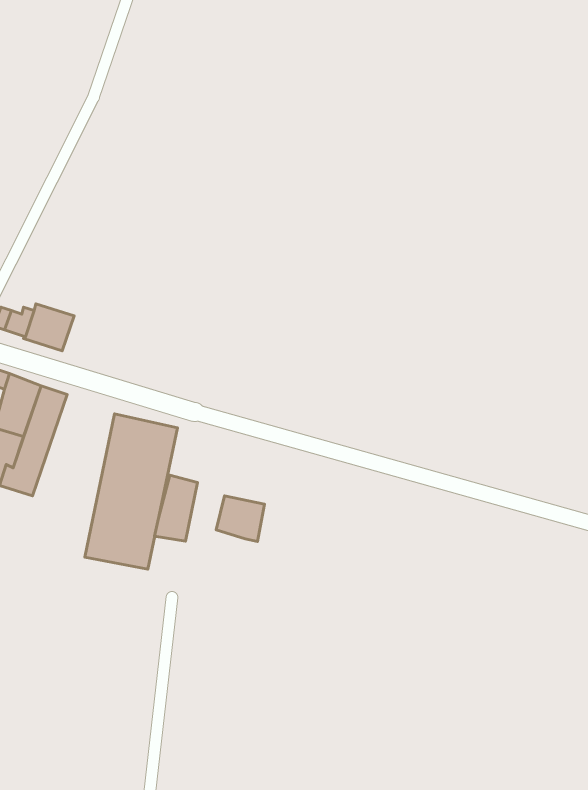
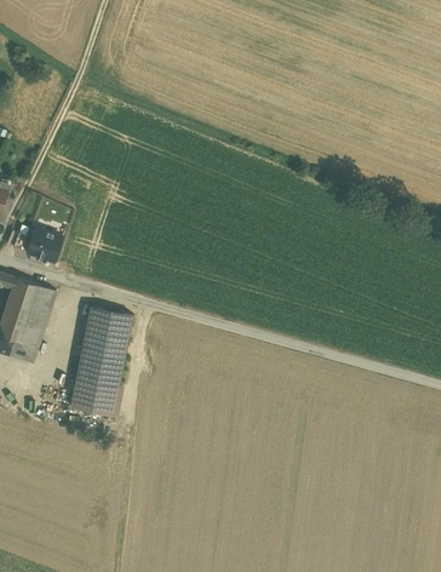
building: [155,475,198,541] -> none
building: [216,496,264,541] -> none

